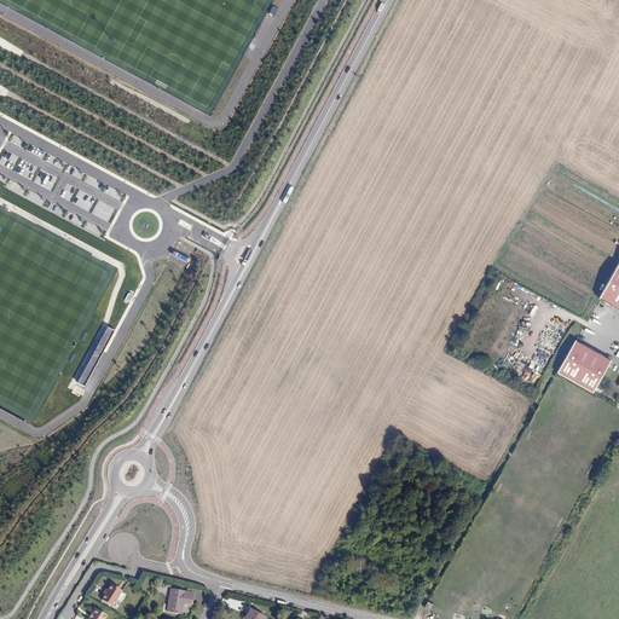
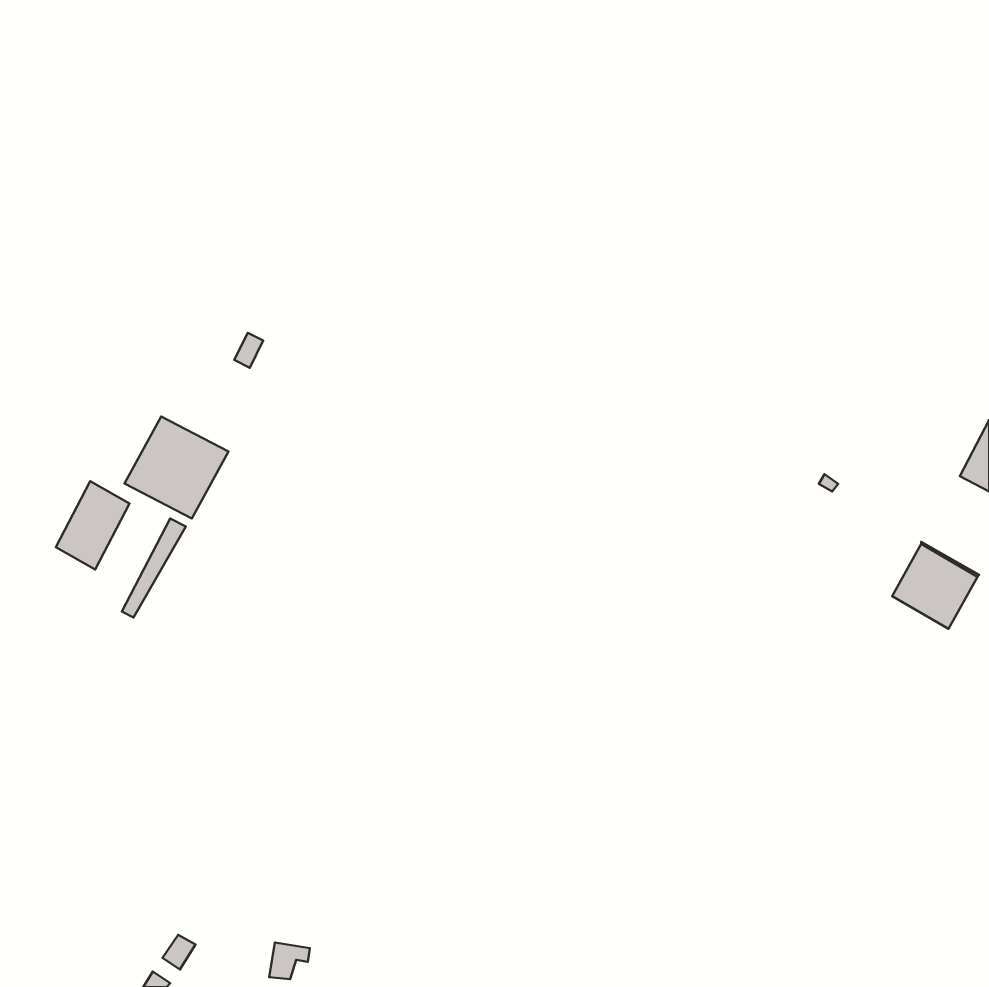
building: none -> [125,416,229,519]
building: none -> [56,481,130,570]

